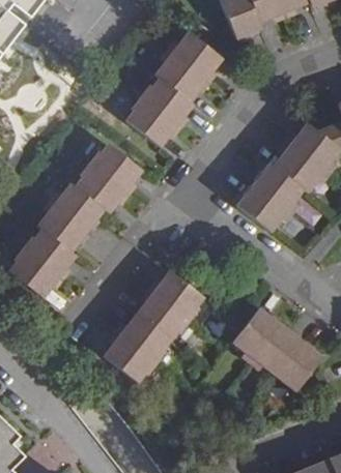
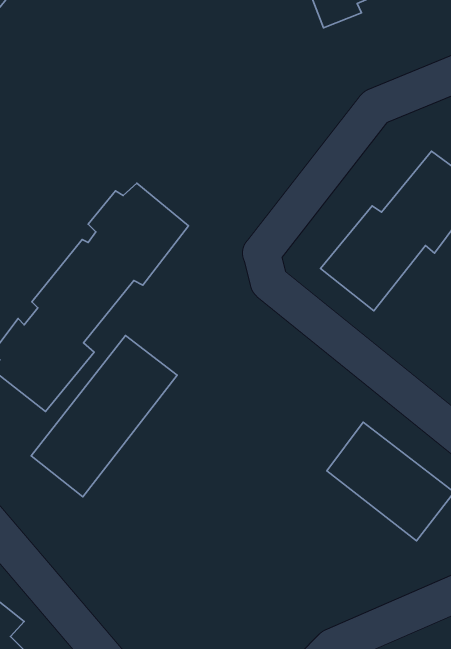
building: [126,29,219,146] -> none
building: [104,271,203,381] -> [31,336,177,497]

